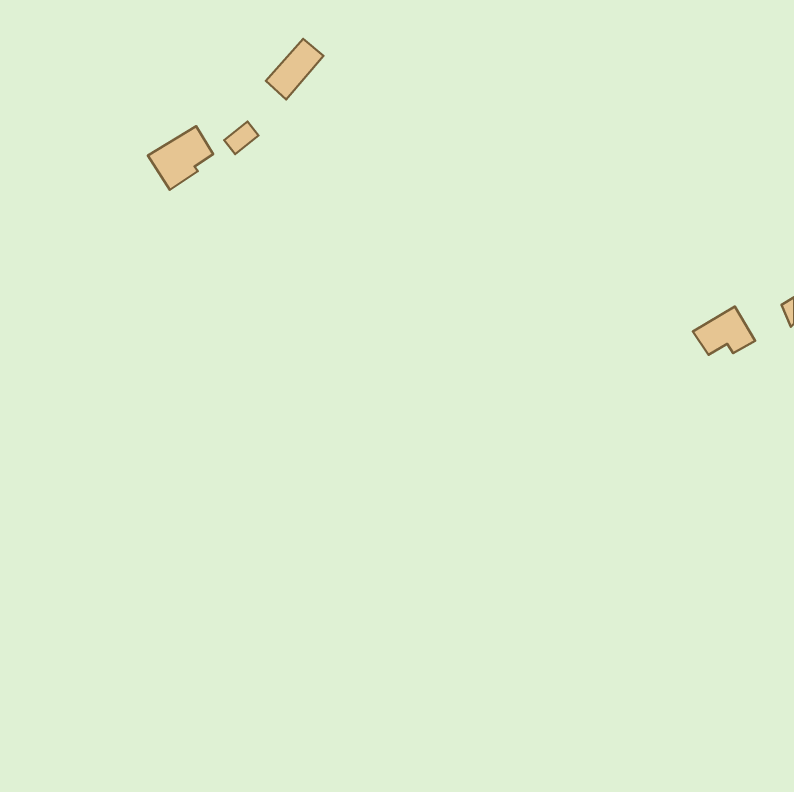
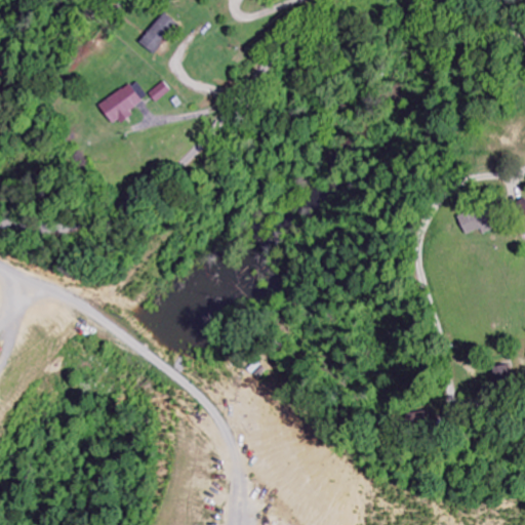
building: [266,39,323,99] -> [139,12,177,52]

